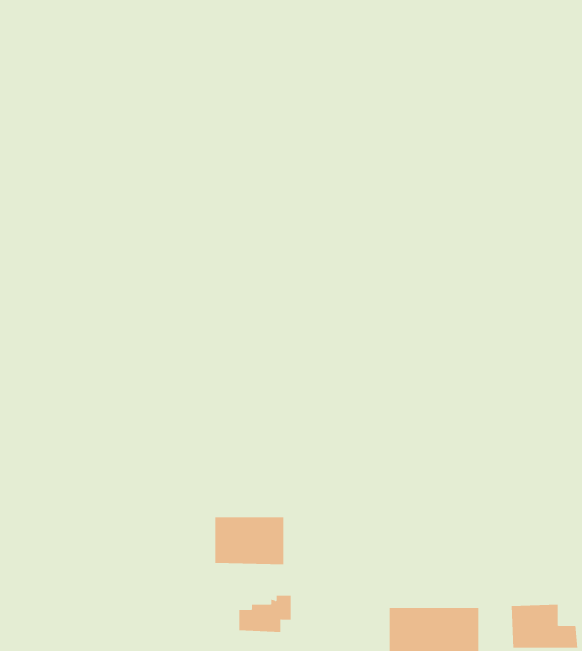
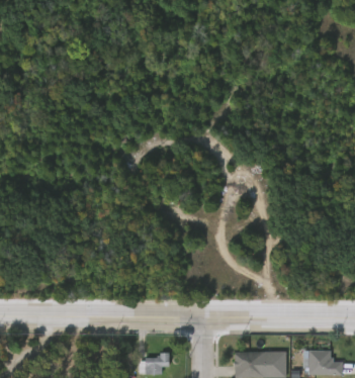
building: [215,516,284,565] -> none

